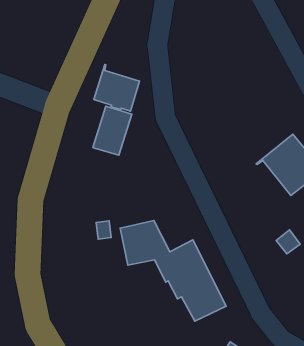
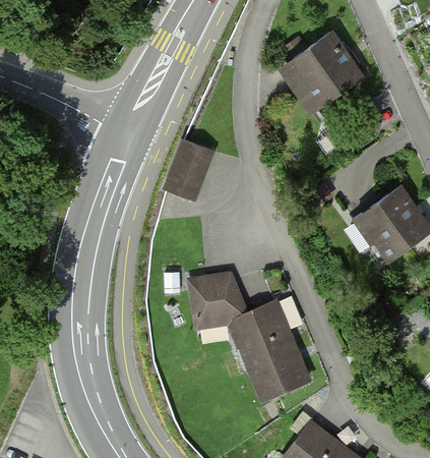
building: none -> [286,34,361,106]
building: [94,64,139,111] -> none

